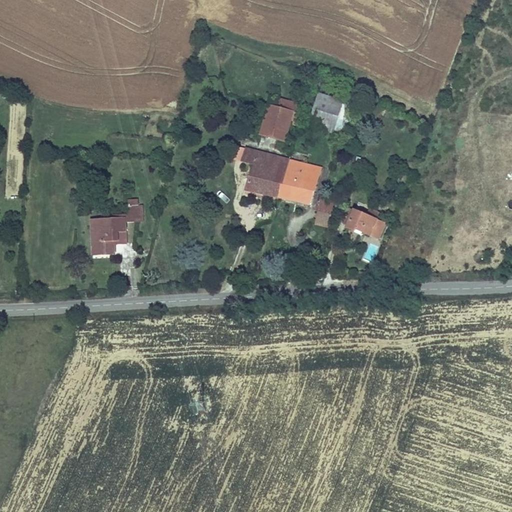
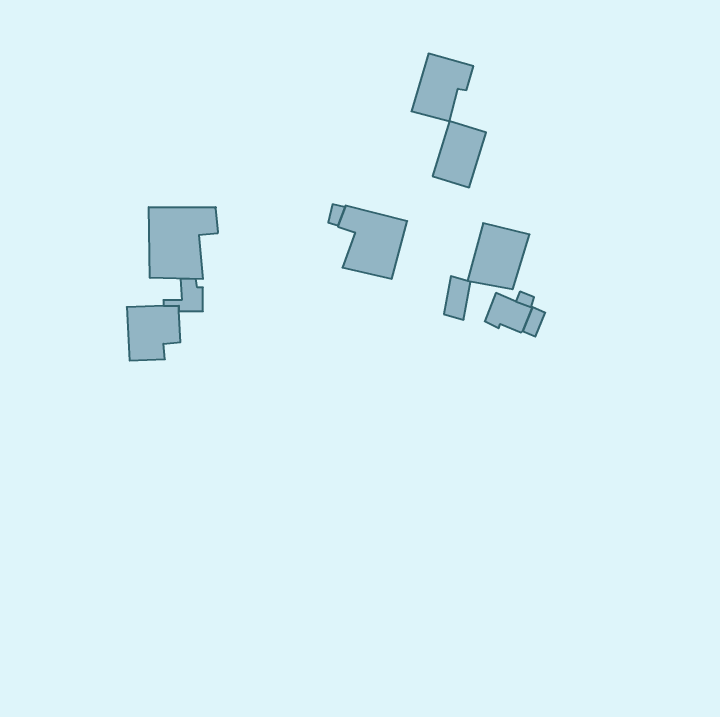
building: [258,94,302,142] -> [411,54,473,121]
building: none -> [149,207,218,279]
building: [278,157,322,204] -> [468,223,530,289]

